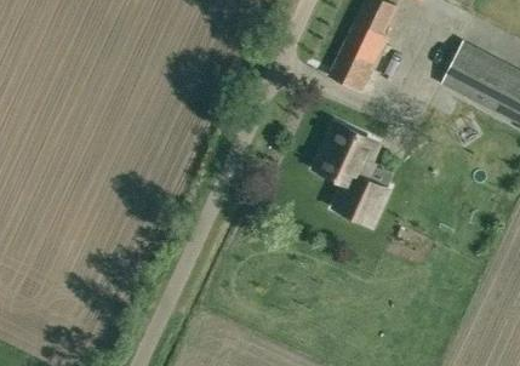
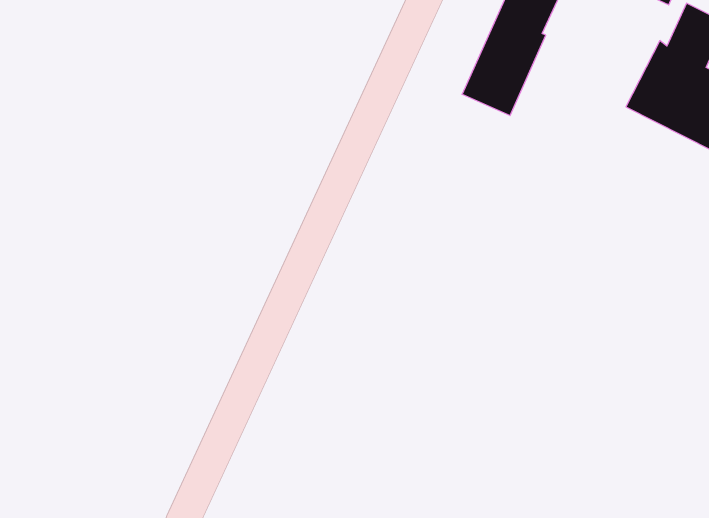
building: [321,125,387,227] -> none

